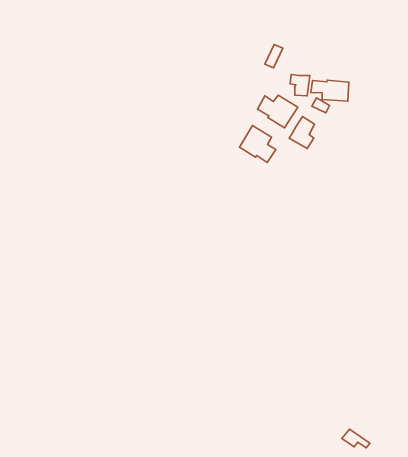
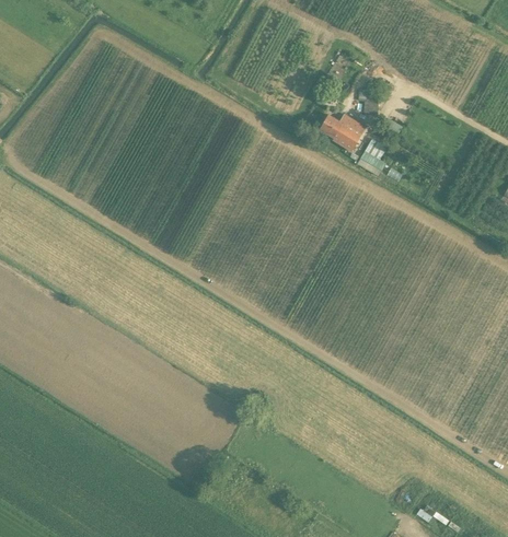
building: [311,80,349,101] -> none
building: [239,126,276,162] -> none

